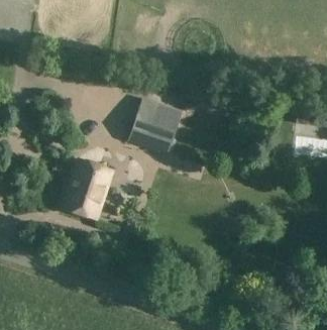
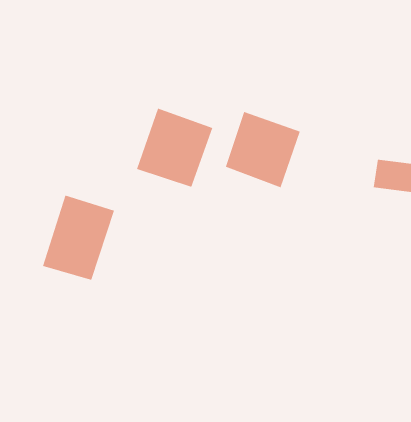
building: none -> [225,111,301,188]

